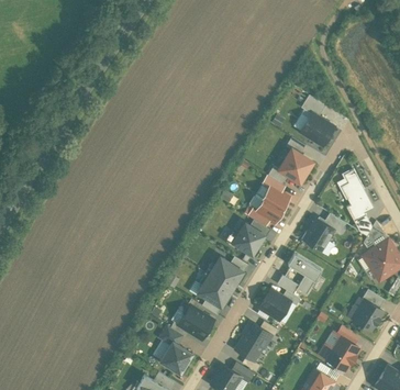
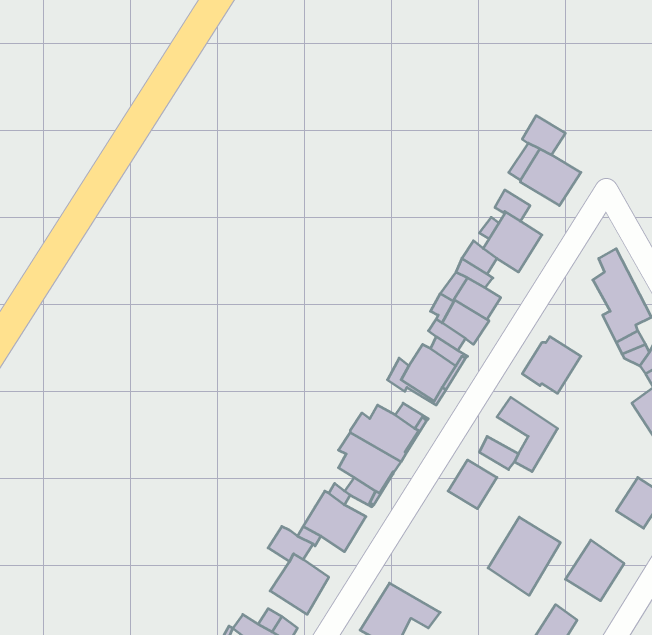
building: [233,320,274,364] -> [488,517,560,595]

